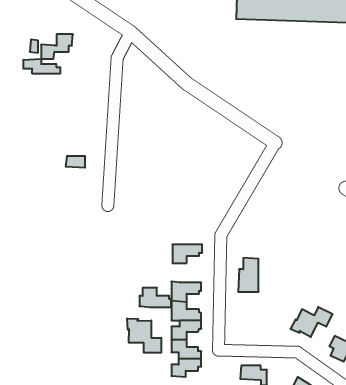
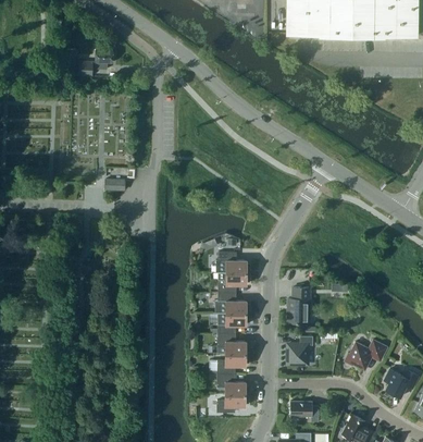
building: [23,59,60,74] -> none
building: none -> [215,253,250,273]
building: [139,288,171,307] -> [215,293,249,314]
building: none -> [288,337,313,365]
building: [127,318,161,353] -> none

